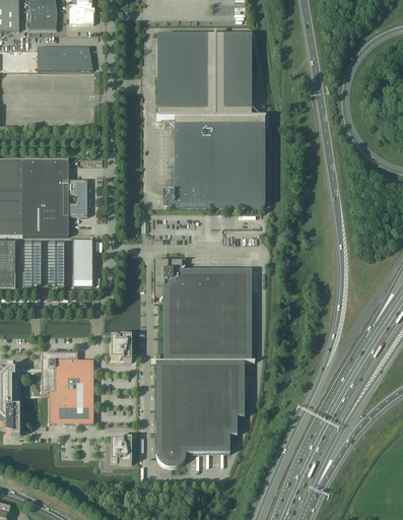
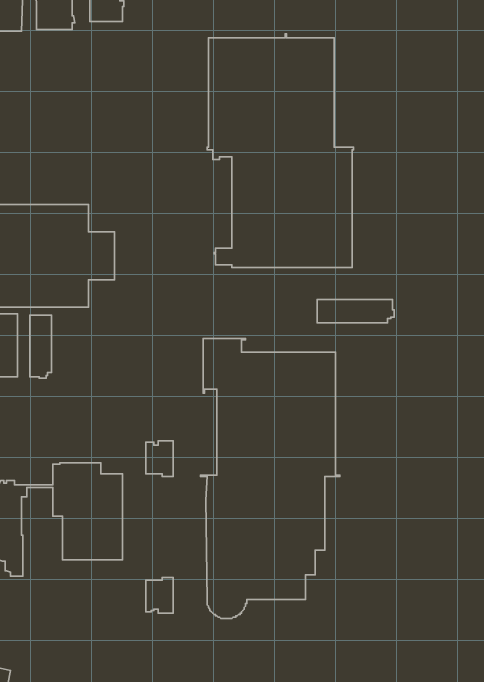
building: [38,46,94,69] -> none
building: none -> [317,300,394,323]
building: [73,241,92,281] -> none
building: [48,242,64,287] -> none

